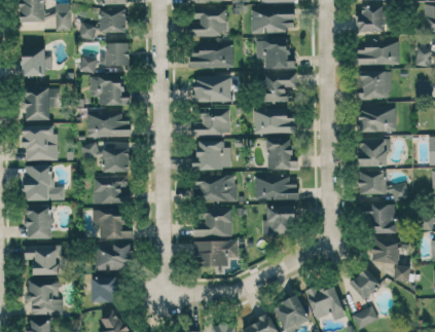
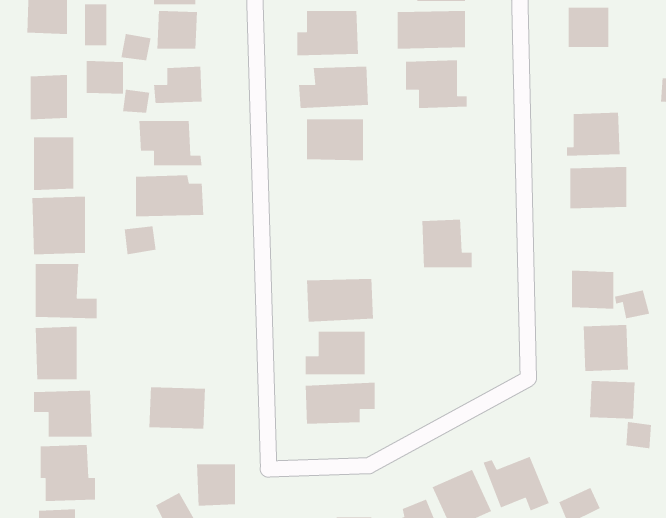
building: none -> [86,60,124,94]
building: [356,40,399,66] -> none
building: [264,73,296,103] -> none
building: [193,108,230,136] -> none
building: [253,109,296,134] -> none
building: [357,139,389,168] -> none
building: [192,141,231,171] -> none
building: [103,149,130,173] -> none
building: [255,176,298,200] -> none
building: [93,177,129,204] -> none
building: [262,207,294,235] -> none
building: [93,210,133,239] -> none
building: [350,269,380,300] -> none
building: [90,276,115,303] -> [196,464,236,506]

